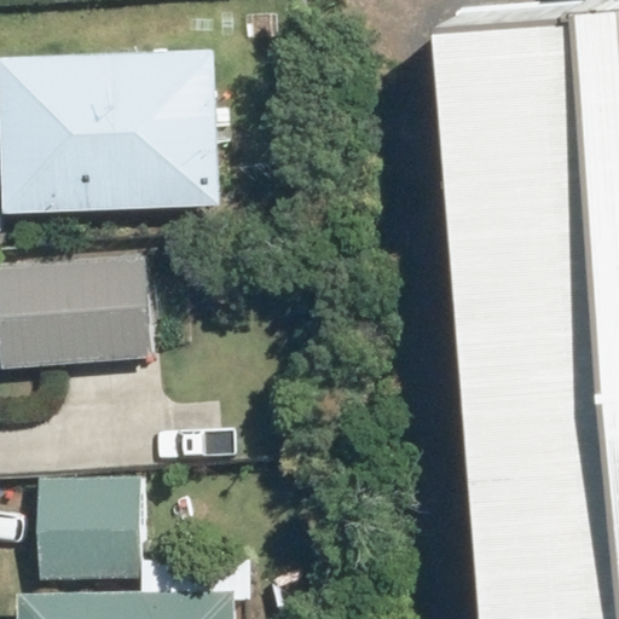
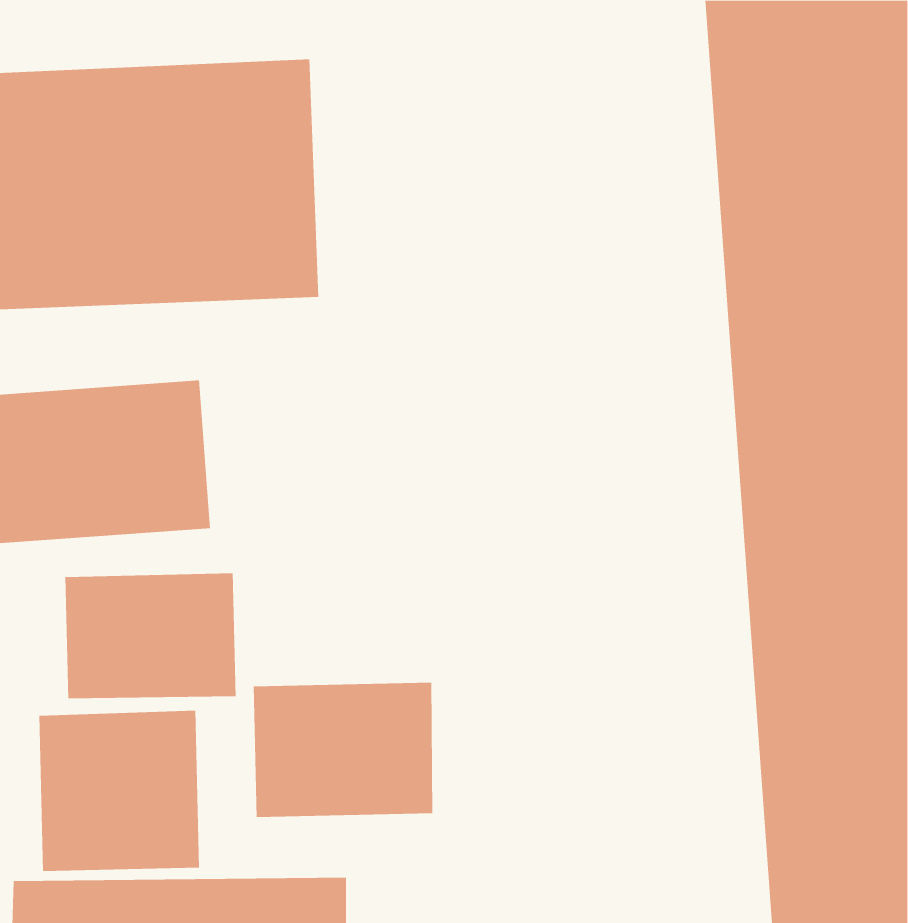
building: none -> [65,573,236,699]
building: none -> [253,682,433,818]

